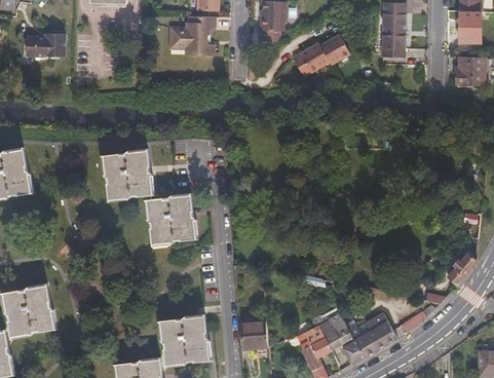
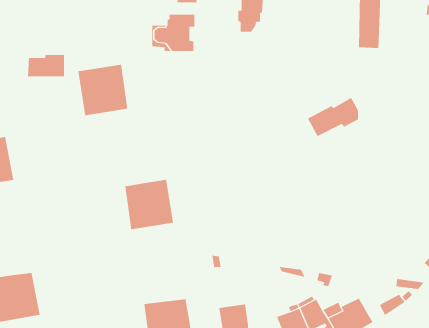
building: [27,33,65,55] -> [27,55,65,77]
building: [296,35,348,75] -> [307,97,359,137]
building: [97,148,148,200] -> [77,64,128,116]

